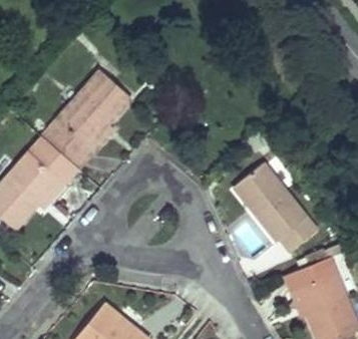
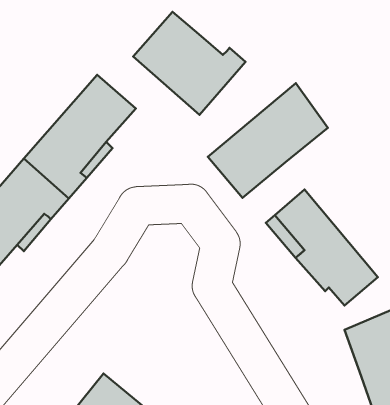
building: none -> [133,12,245,115]
building: none -> [208,83,328,198]

